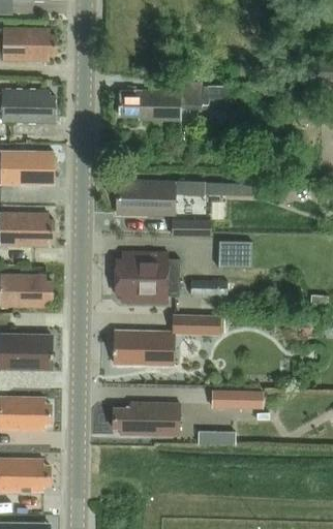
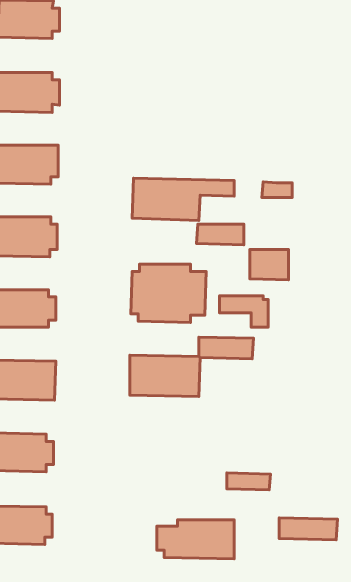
building: [119,81,230,121] -> none
building: [213,391,263,409] -> [279,518,337,540]
building: [114,403,180,436] -> [157,520,234,559]

